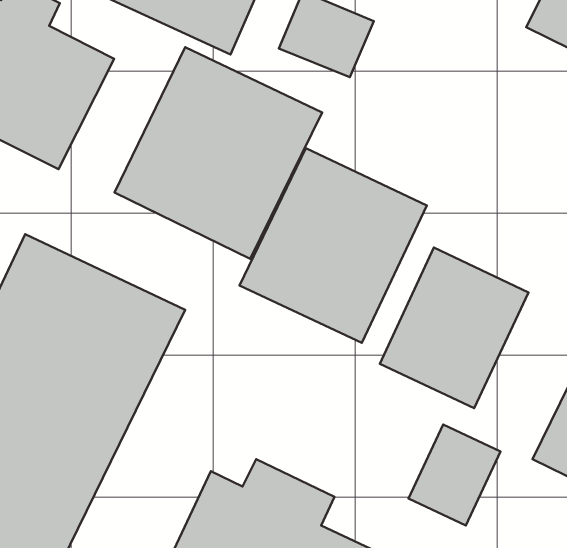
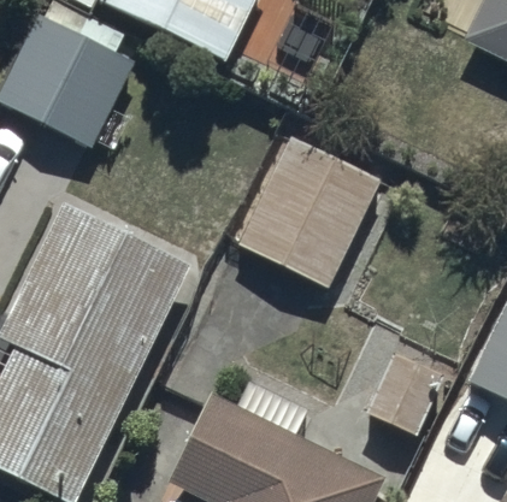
building: [114,47,322,259] -> none
building: [380,247,529,408] -> none

